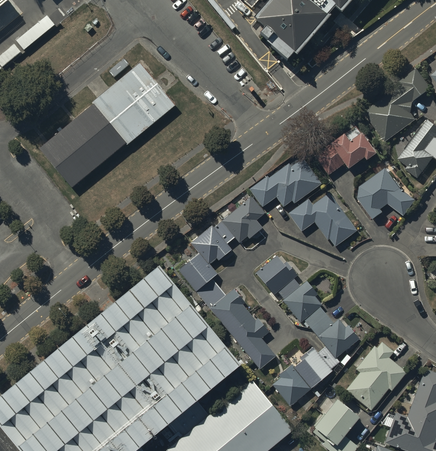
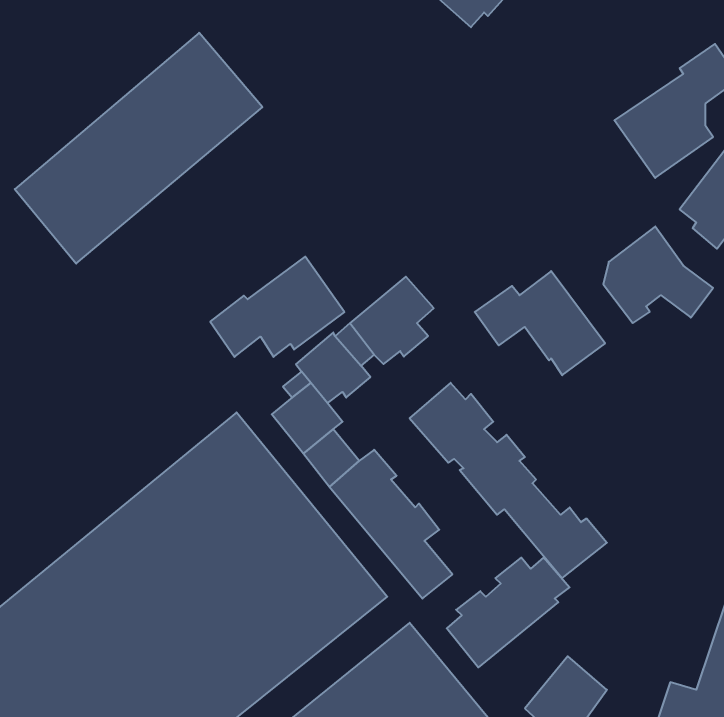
building: [314,125,375,176] -> none
building: [249,153,321,207] -> [210,257,344,357]
building: [345,341,406,410] -> none

